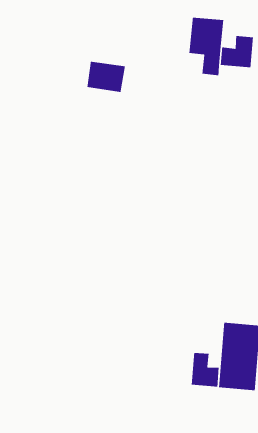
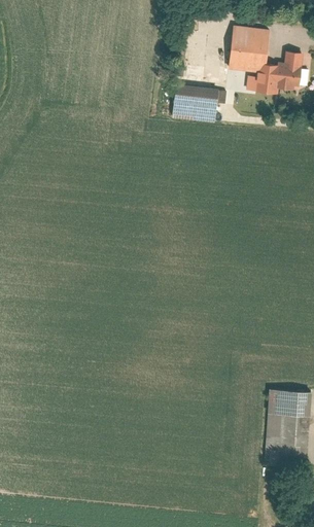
building: [87,61,126,93] -> [174,83,220,121]
building: [191,352,220,387] -> none

